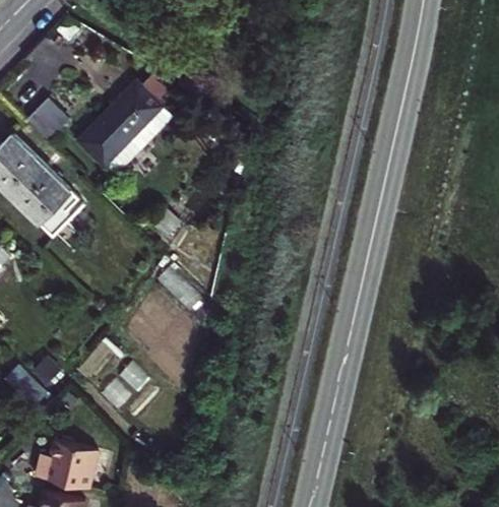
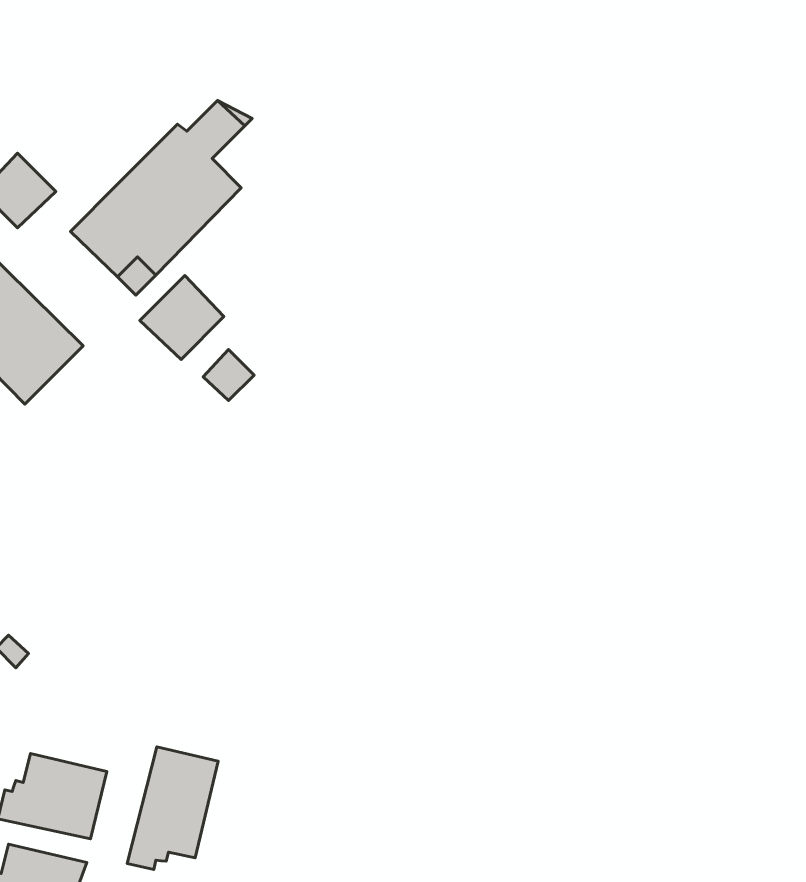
building: none -> [140,275,224,359]
building: none -> [127,747,218,869]

